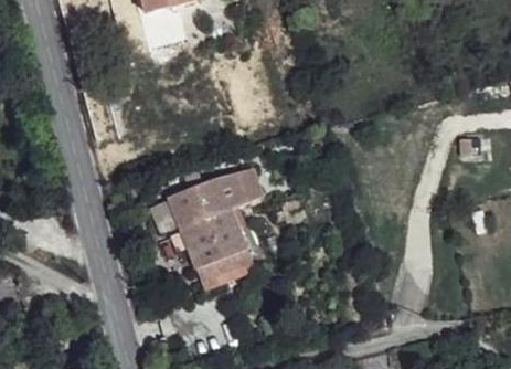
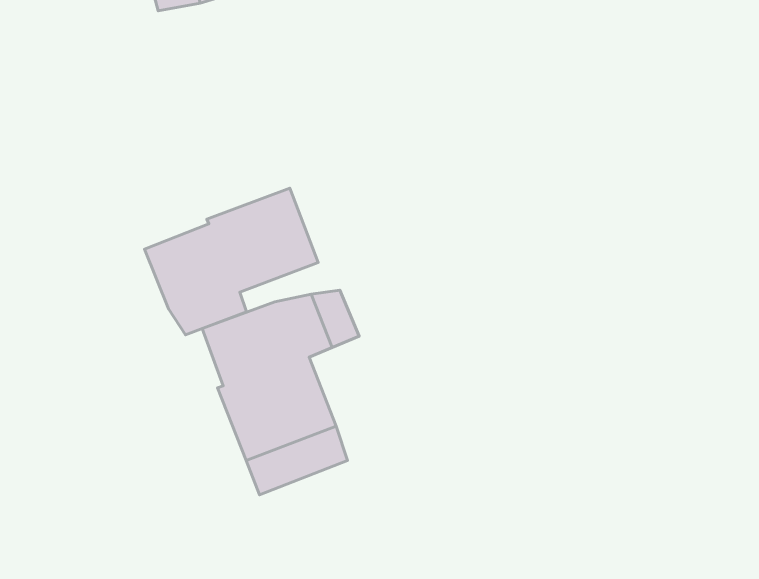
building: none -> [144,188,318,335]

